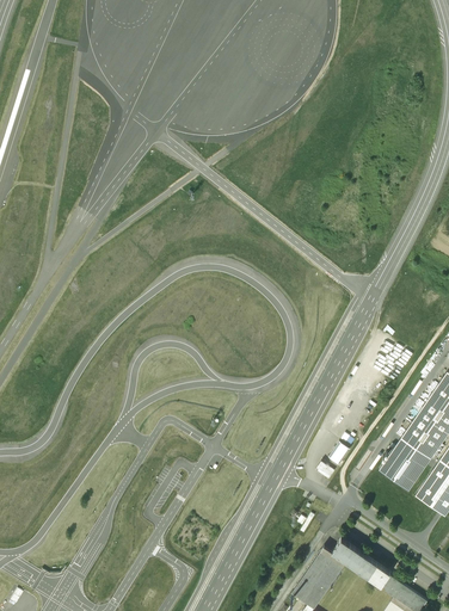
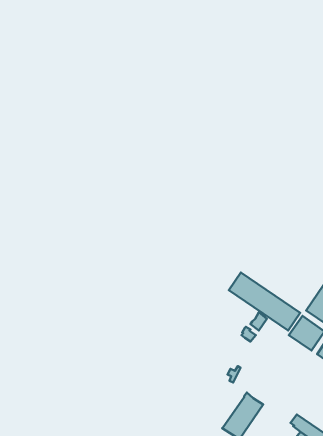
building: none -> [229,272,300,331]
building: [332,539,390,586] -> none

